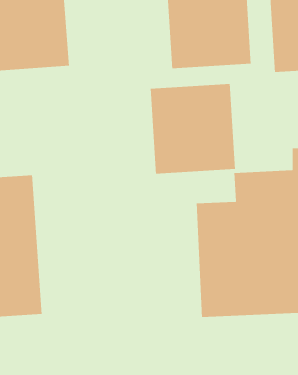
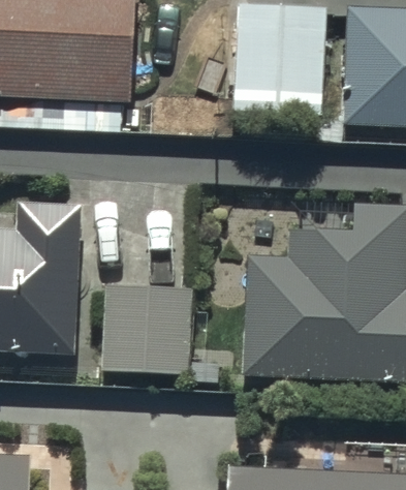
building: [150,83,236,175] -> none
building: none -> [103,283,191,371]

